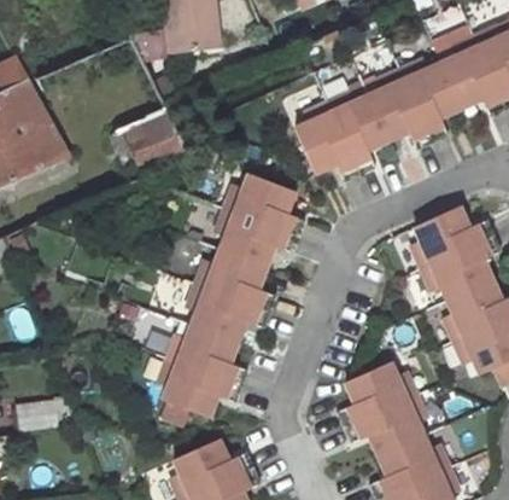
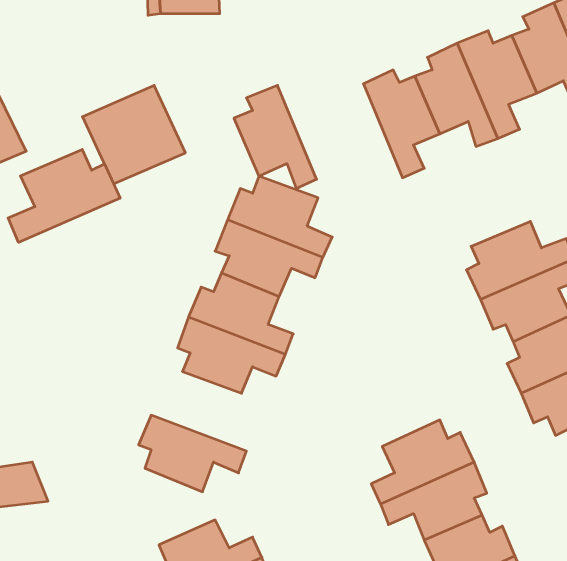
building: [296,103,359,182] -> [234,85,317,189]
building: none -> [8,149,120,242]
building: [165,325,245,386] -> none

